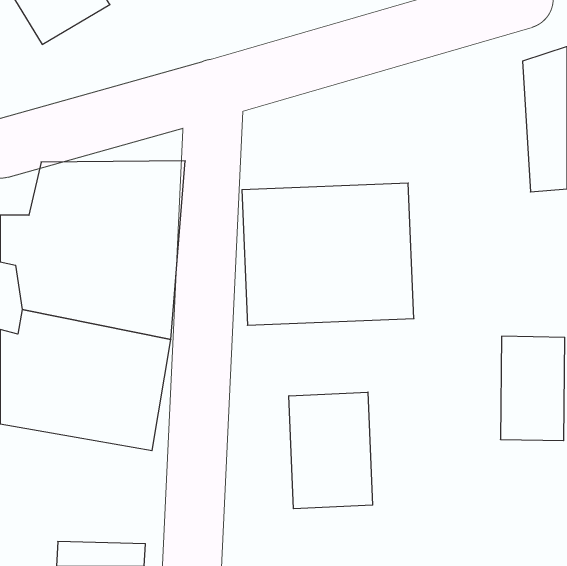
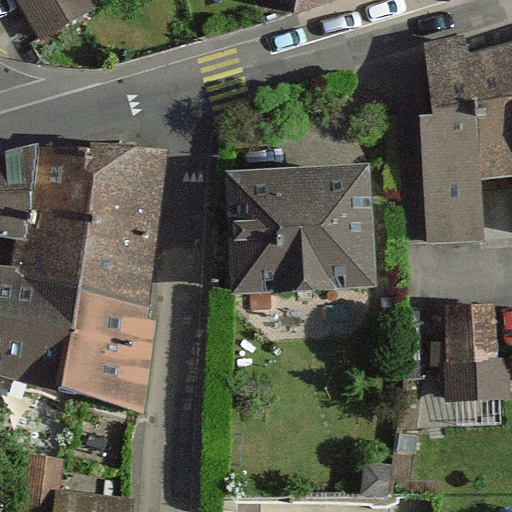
building: none -> [420,55,481,243]
building: [289,392,373,509] -> none

